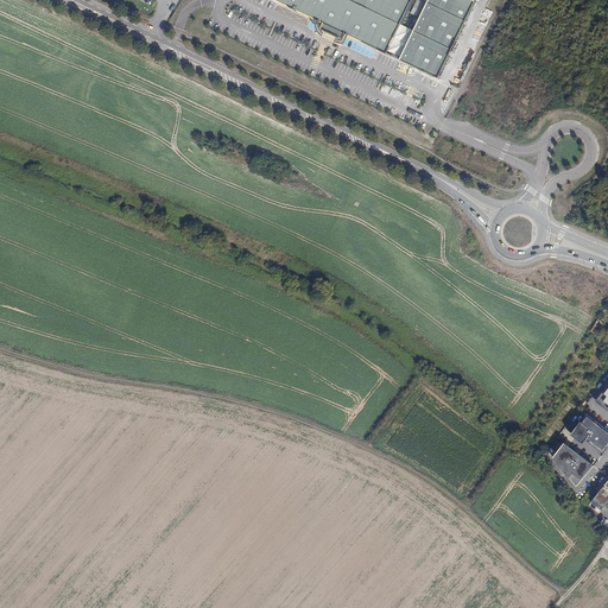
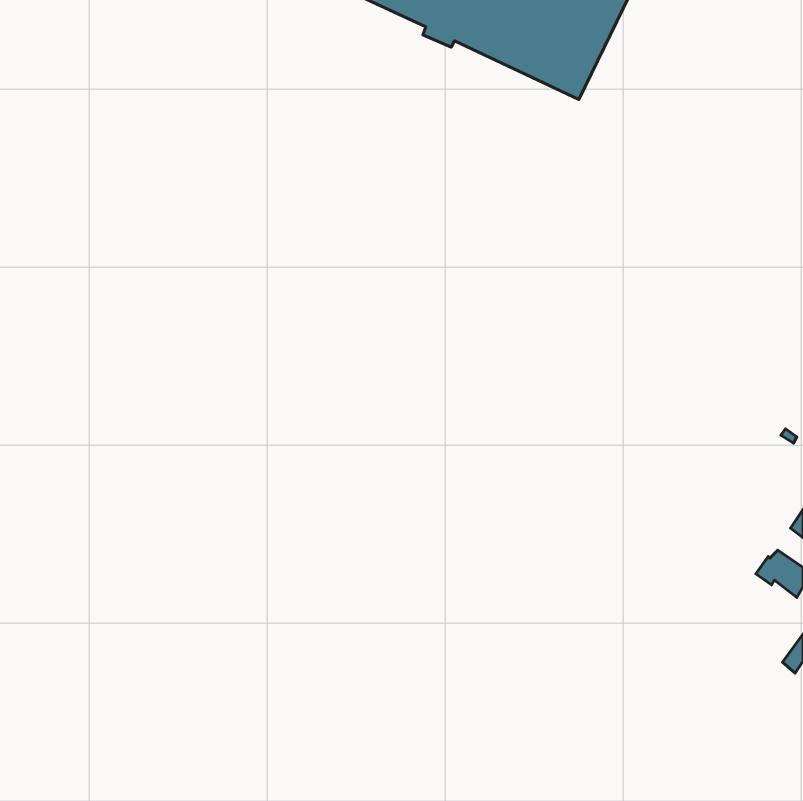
building: [550,441,591,483] -> none

